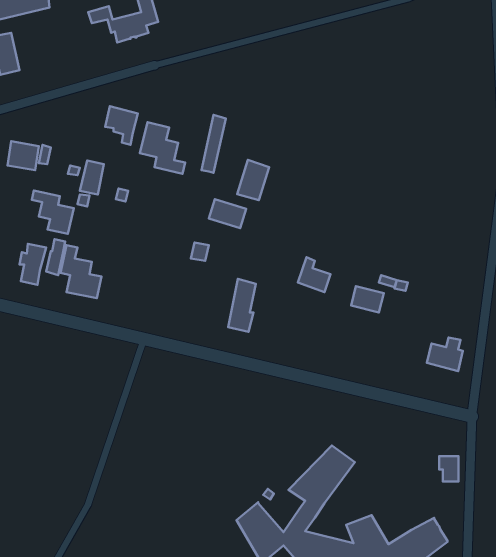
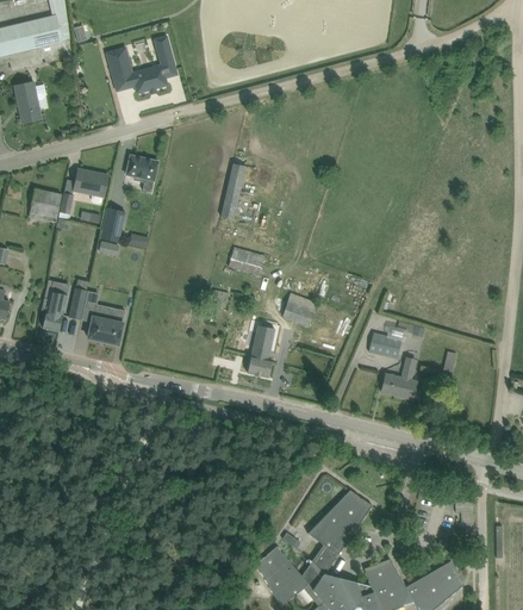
building: none -> [73,169,107,195]
building: [140,122,185,174] -> none
building: [237,160,269,200] -> none
building: [32,191,74,234] -> none
building: [298,257,331,292] -> [281,293,313,328]
building: [427,337,463,371] -> [380,367,416,400]

